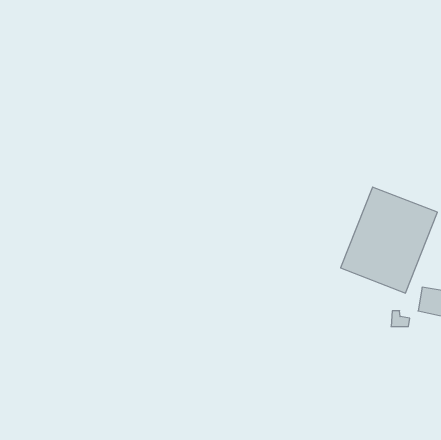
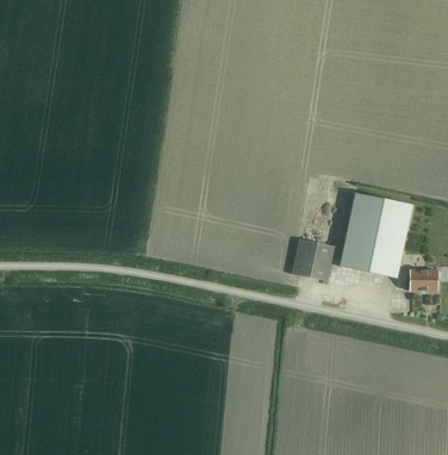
building: none -> [292,238,334,281]

